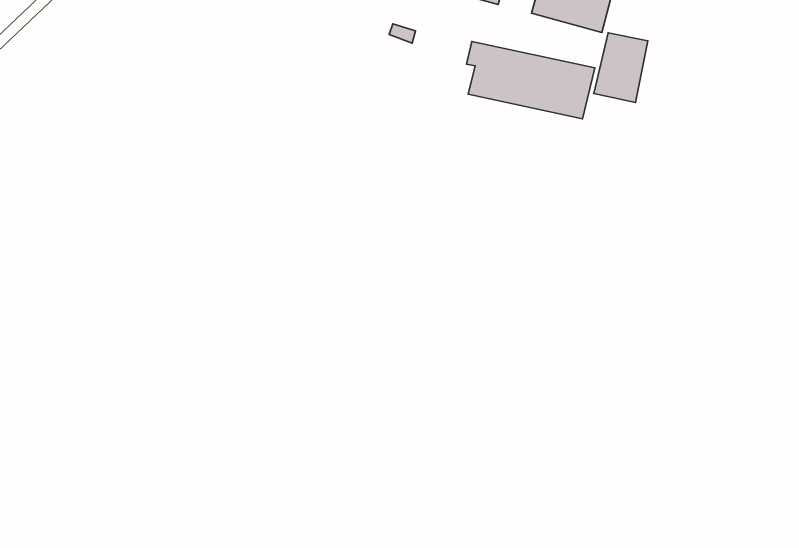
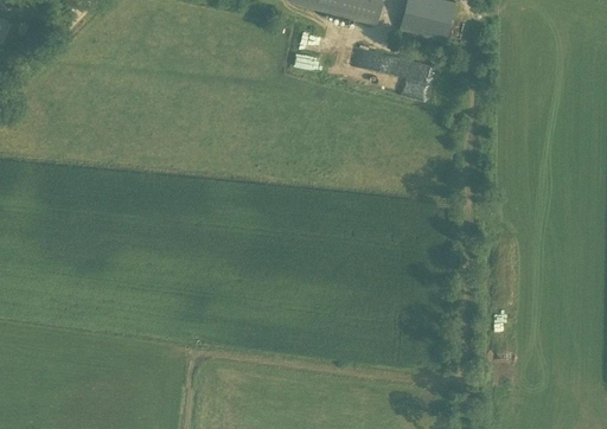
building: [594,33,648,103] -> none

